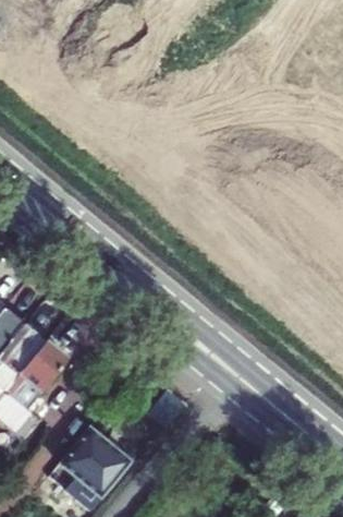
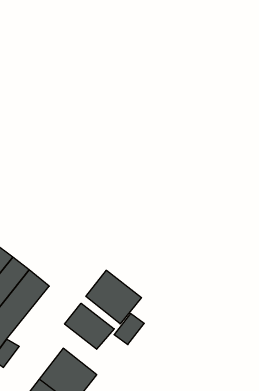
building: none -> [86,270,141,324]
building: none -> [65,303,114,349]

